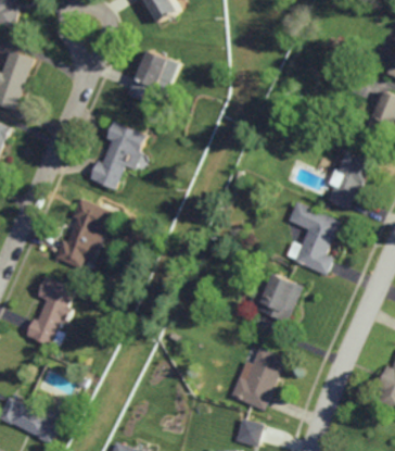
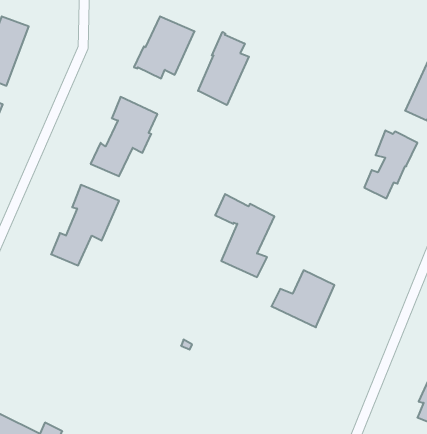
building: none -> [198,32,249,105]
building: [288,202,340,275] -> [215,194,274,277]
building: [25,277,74,347] -> none
building: [228,347,285,411] -> none

